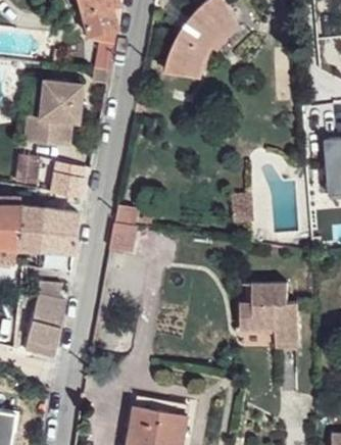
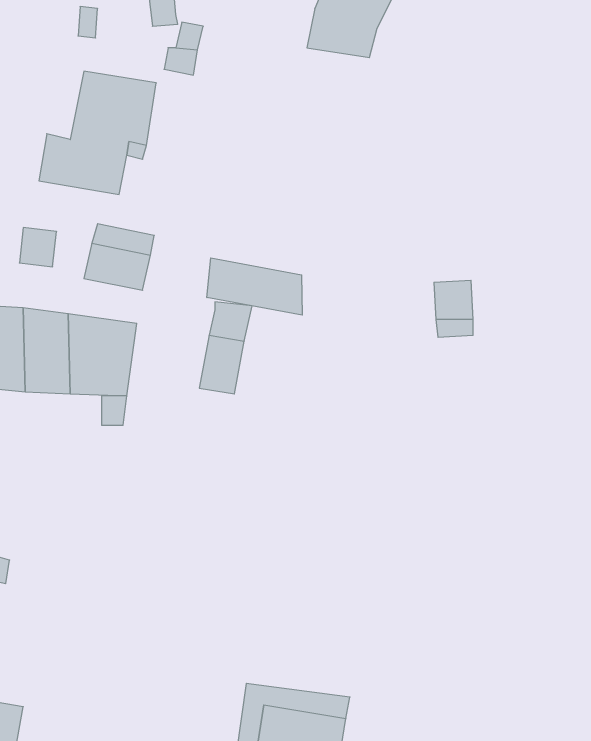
building: none -> [207,258,302,315]
building: [25,282,64,358] -> none
building: [239,285,297,342] -> none

